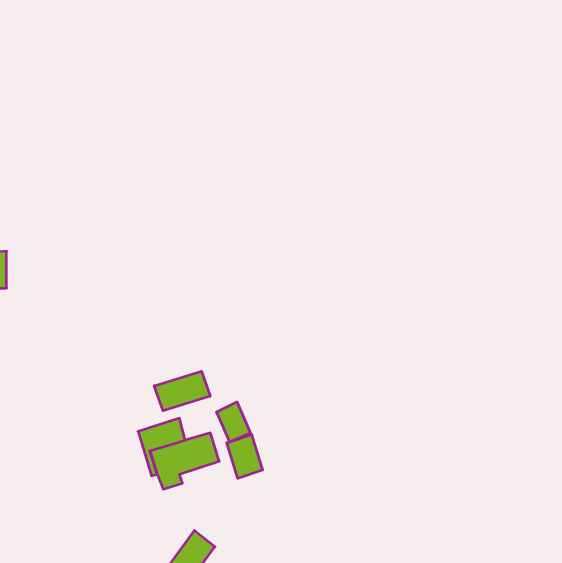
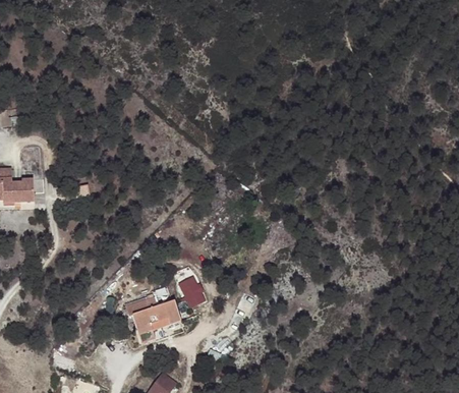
building: [154,371,210,411] -> none
building: [227,434,263,478] -> none

